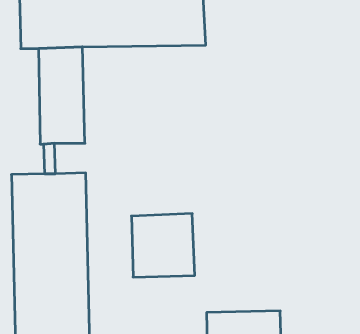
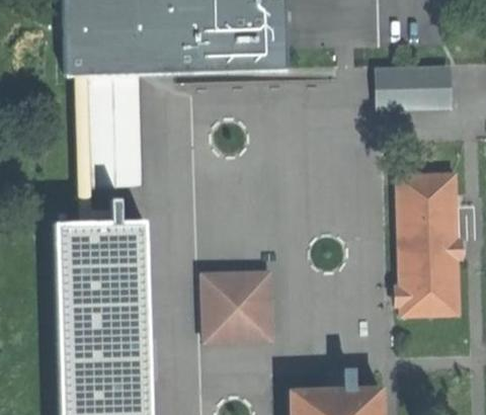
building: none -> [374,68,457,114]
building: none -> [396,172,458,313]

